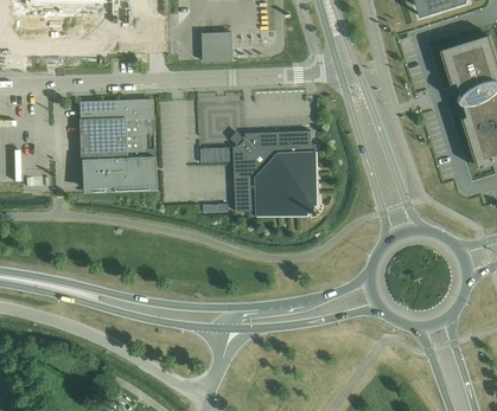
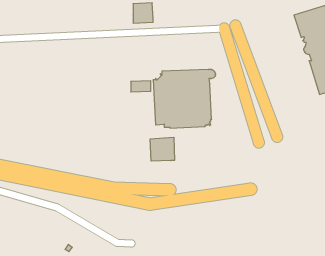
building: [78,99,154,193] -> none
building: none -> [150,137,175,161]

